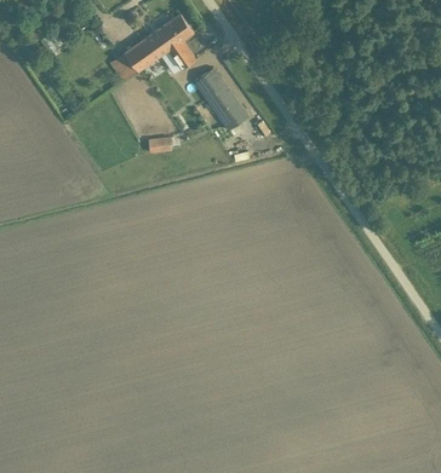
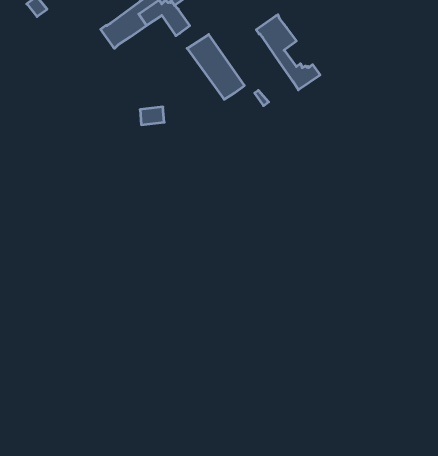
building: none -> [256,15,320,90]

